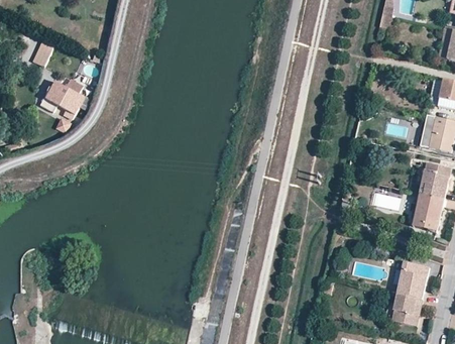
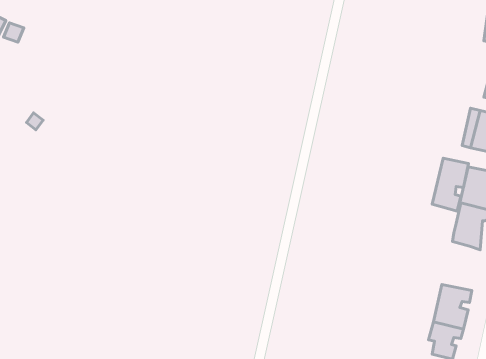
building: [38,79,88,119] -> none
building: none -> [432,158,469,211]

